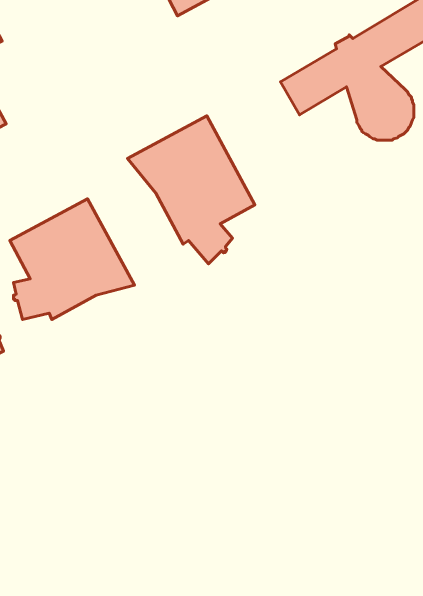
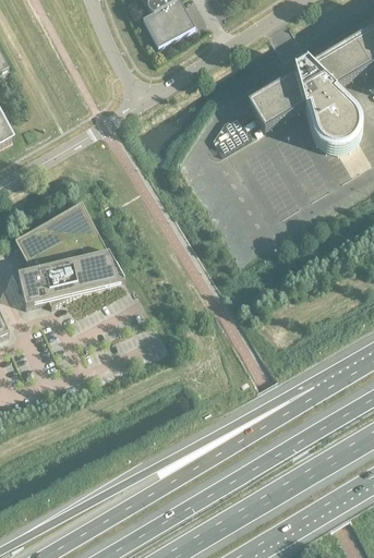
building: [128,116,255,264] -> none

